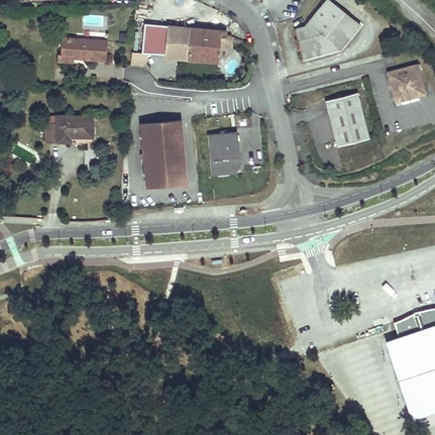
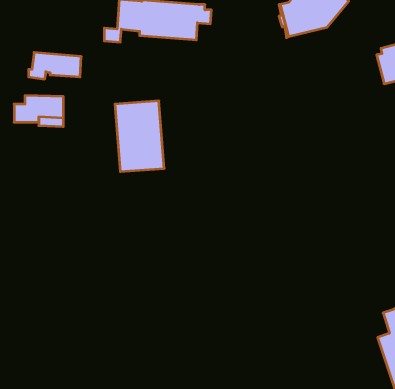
building: [58,37,107,63] -> [29,52,81,79]
building: [325,94,370,148] -> none
building: [208,133,241,178] -> none

